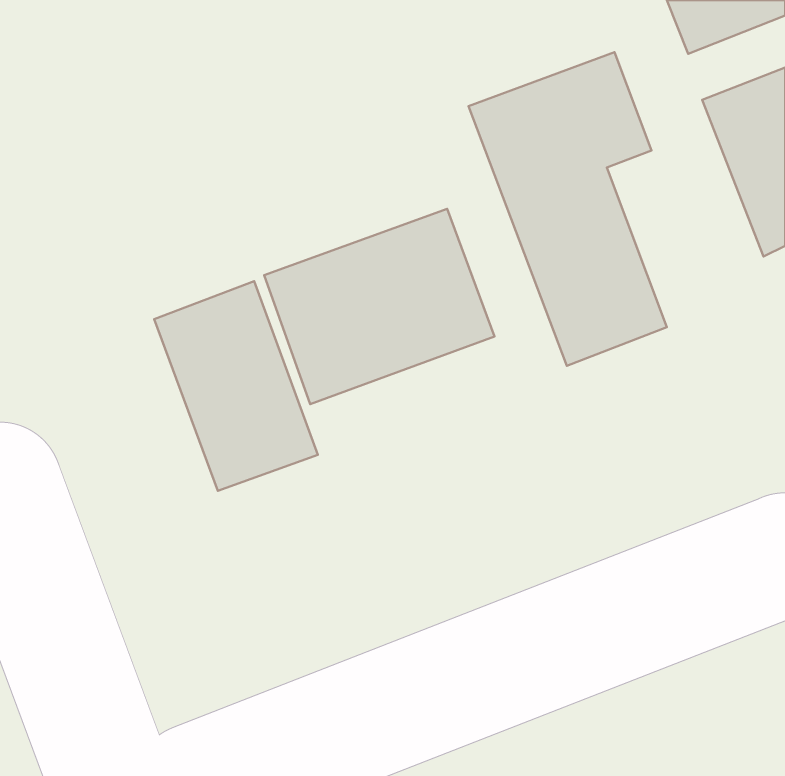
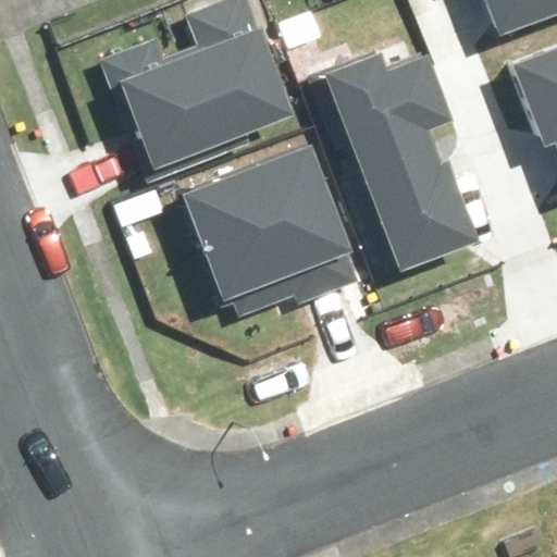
building: none -> [119,25,282,163]
building: [154,281,318,491] -> none

